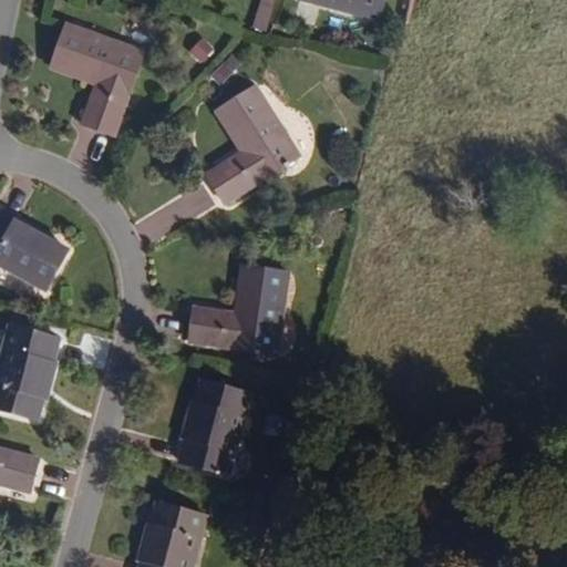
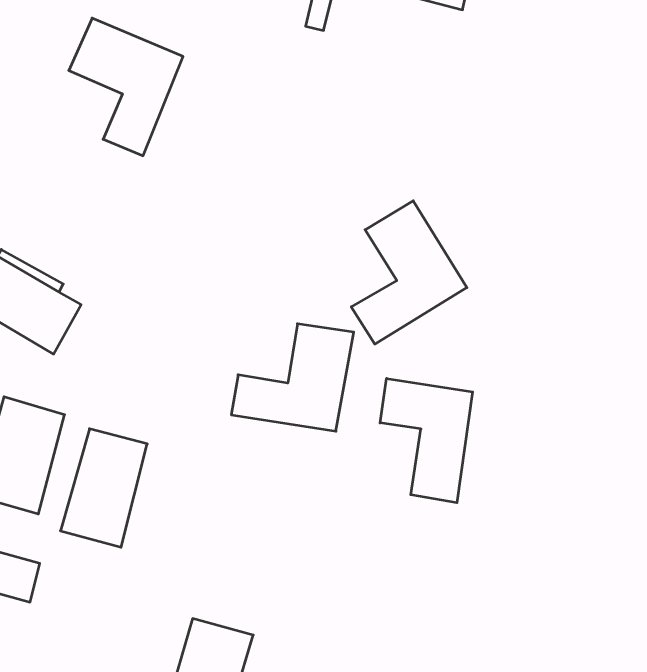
building: [206,86,299,202] -> [351,201,467,344]
building: none -> [380,378,473,503]
building: [177,383,247,478] -> [60,429,147,547]

